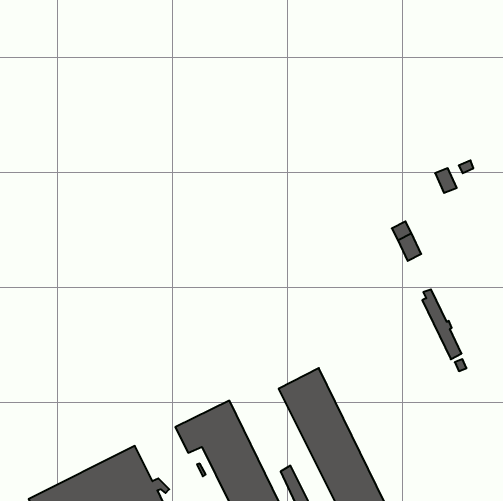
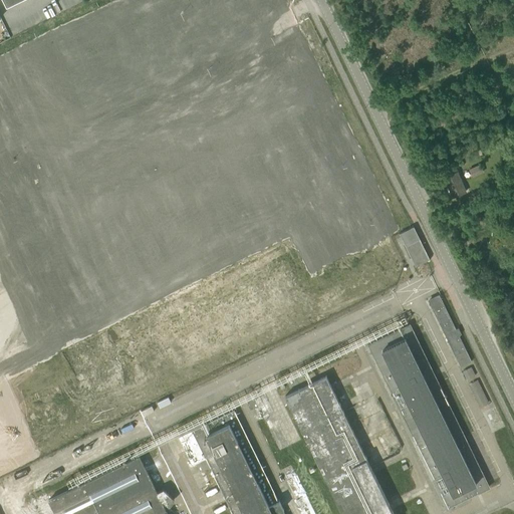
building: none -> [368,326,489,509]

